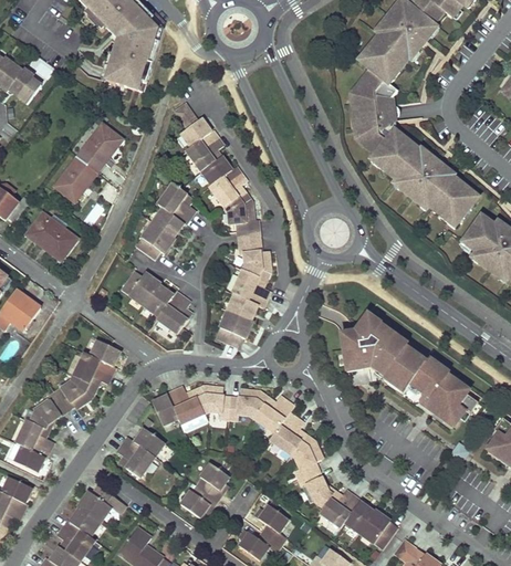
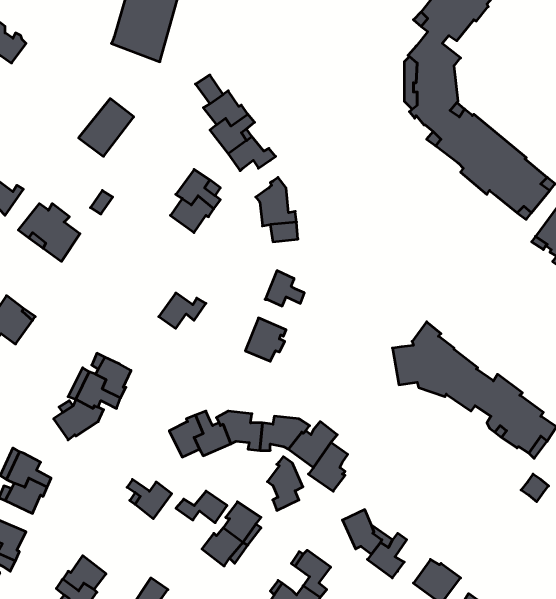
building: [54,157,97,202] -> none
building: [210,172,248,207] -> none
building: [136,222,176,259] -> none
building: [240,242,269,279] -> none
building: [119,270,160,307] -> none
building: [228,291,263,318] -> none
building: [157,296,190,334] -> none
building: [30,394,67,430] -> none
building: [122,430,165,457] -> [176,491,227,523]
building: [291,433,321,479] -> [267,457,303,510]
building: [80,485,113,524] -> none
building: [343,495,373,532] -> none

